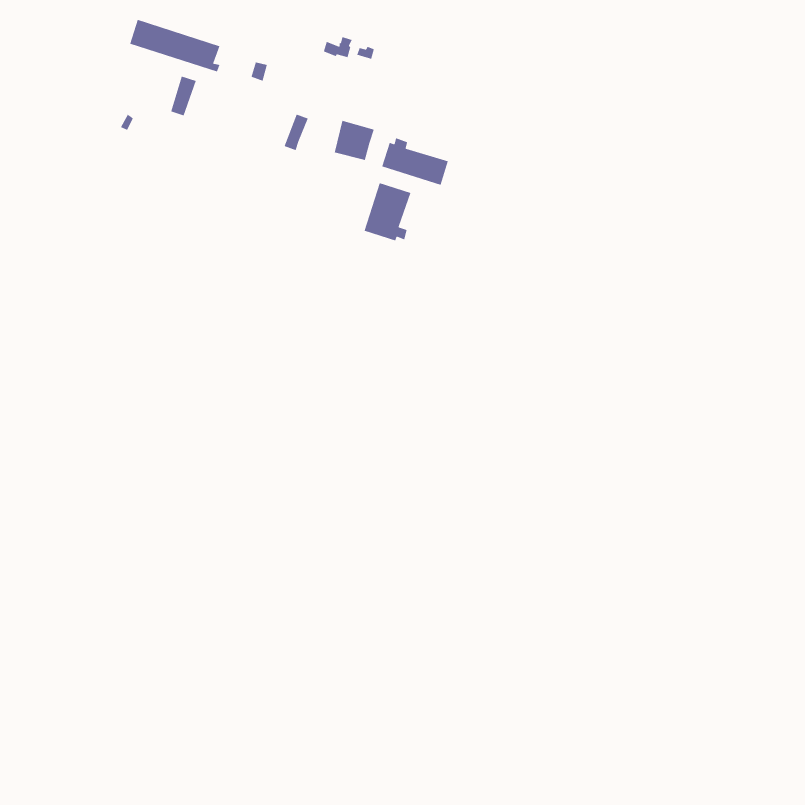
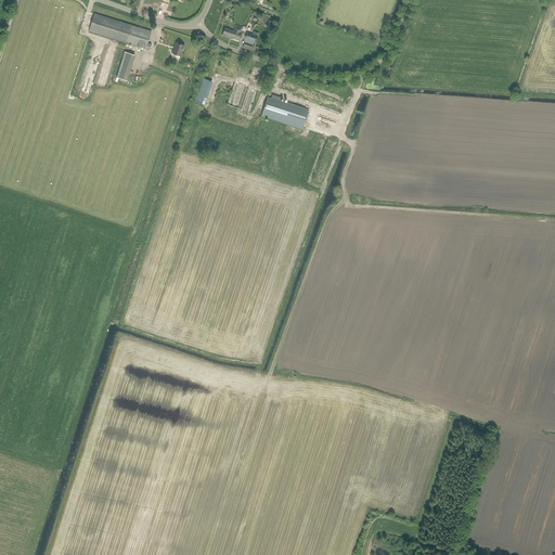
building: [364,182,411,242] -> none

